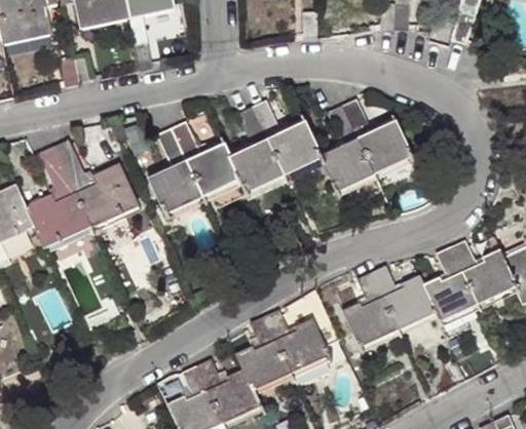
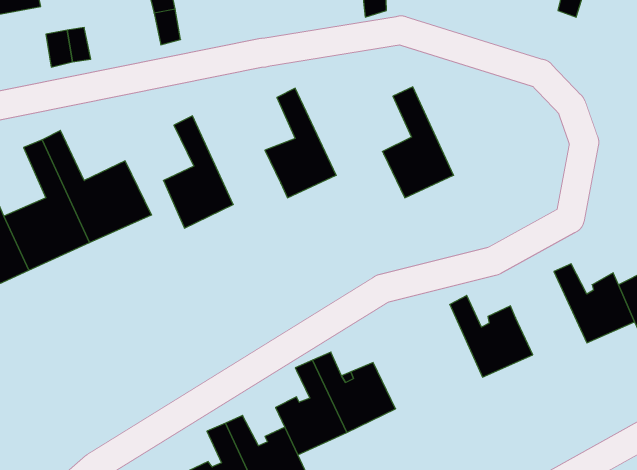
building: [251,100,320,173] -> none
building: [342,100,412,173] -> none
building: [171,122,239,196] -> none
building: [422,248,478,322] -> none
building: [342,274,397,348] -> none

